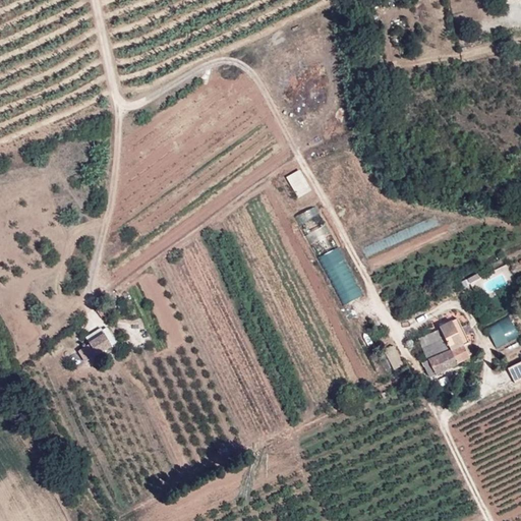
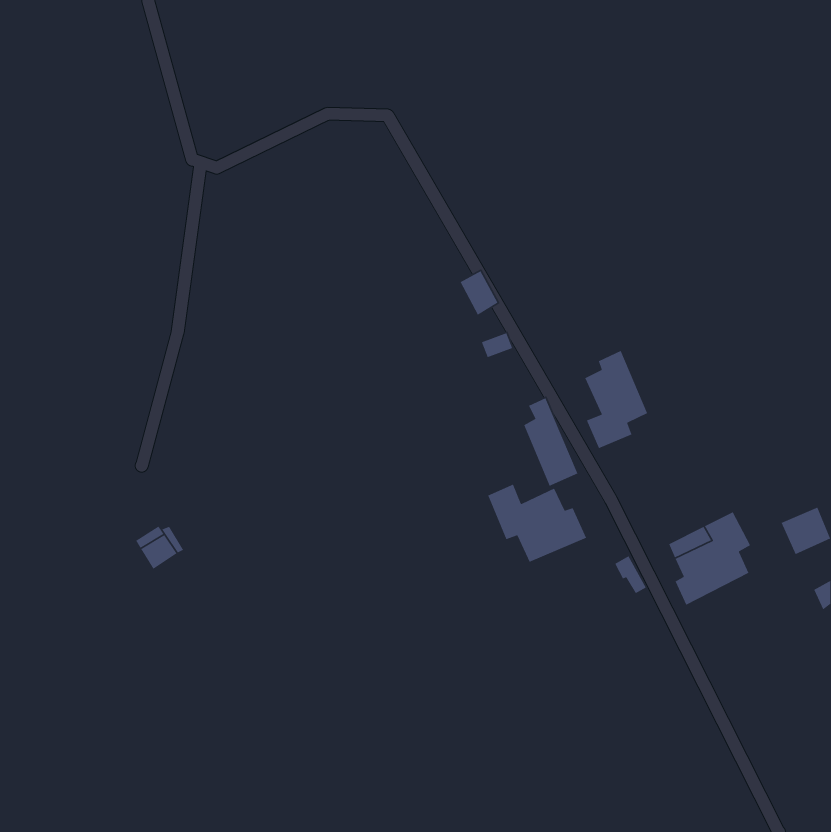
building: none -> [584,350,648,449]
building: none -> [487,483,587,563]

